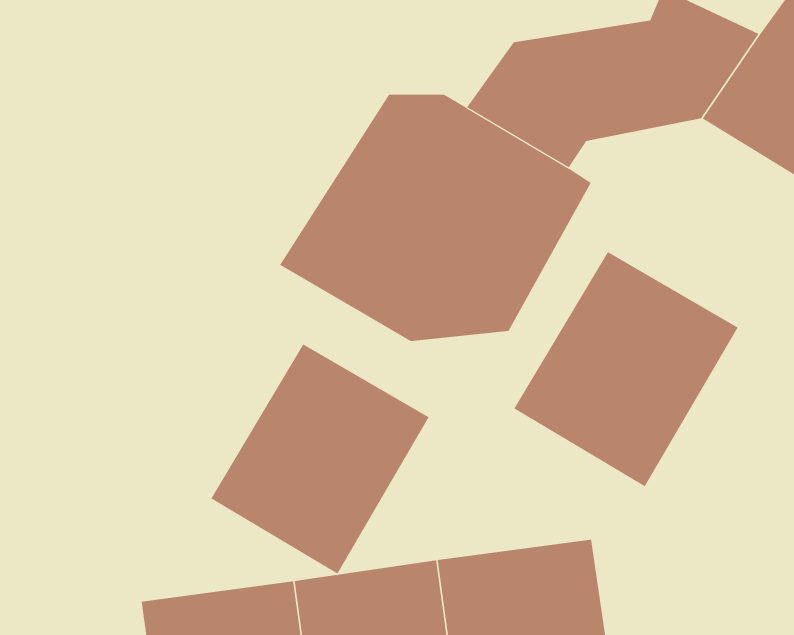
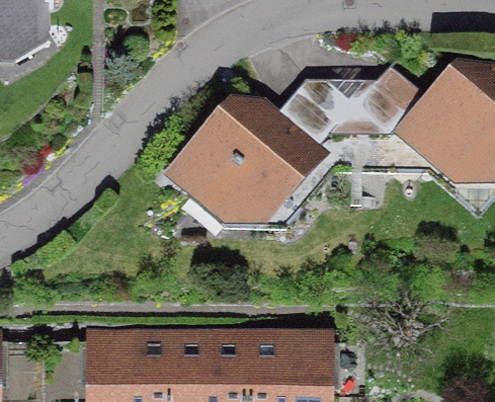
building: [513,251,738,487] -> none
building: [210,343,430,575] -> none

